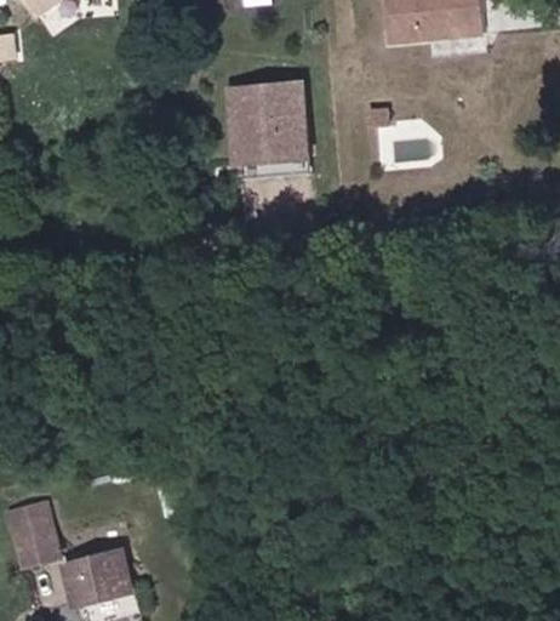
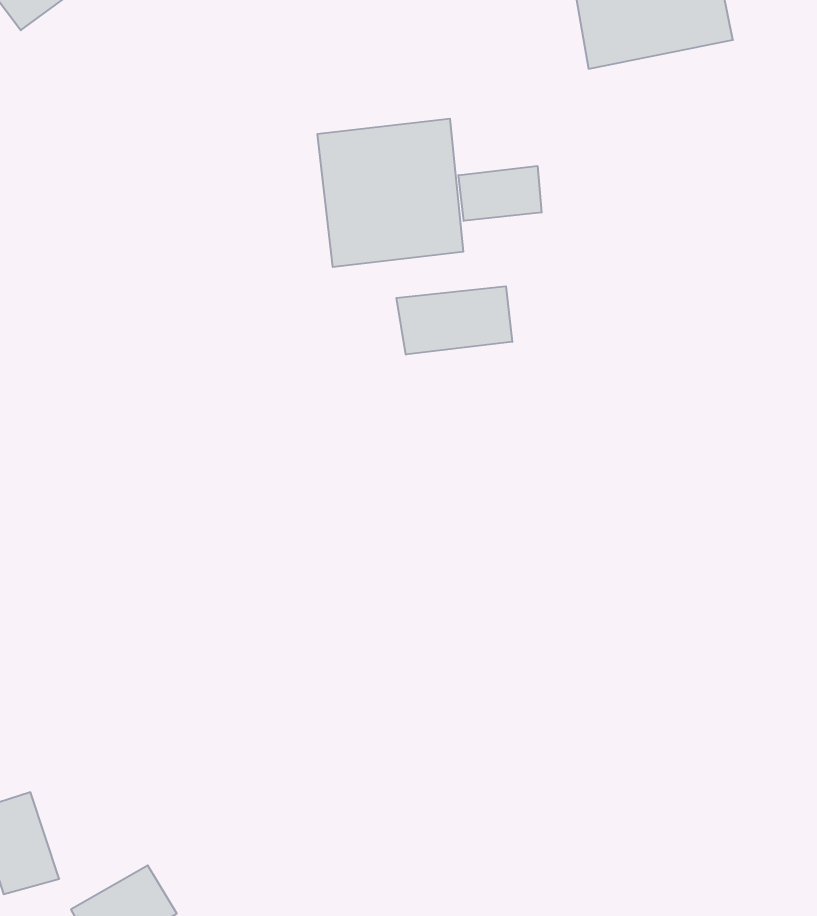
building: none -> [458,166,541,221]
building: none -> [396,286,512,355]

